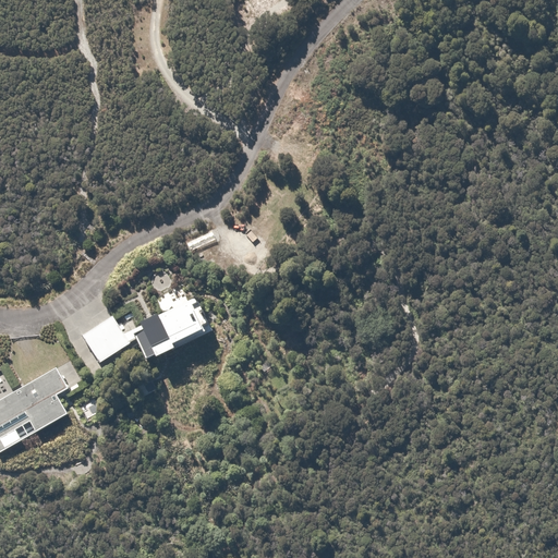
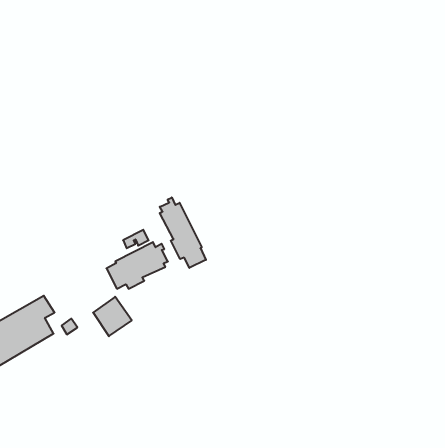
building: none -> [160,197,206,268]
building: [81,313,129,362] -> [93,297,132,336]

